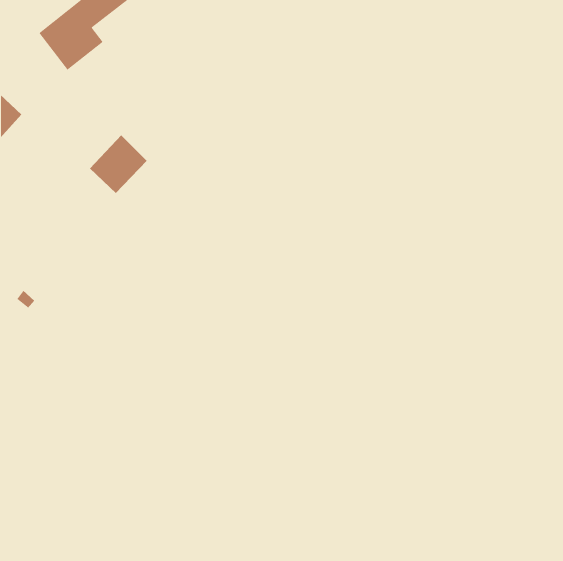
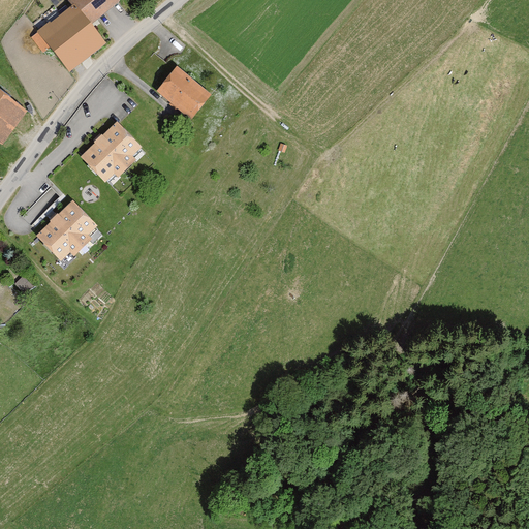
building: none -> [159,71,204,114]
building: none -> [38,205,93,258]

